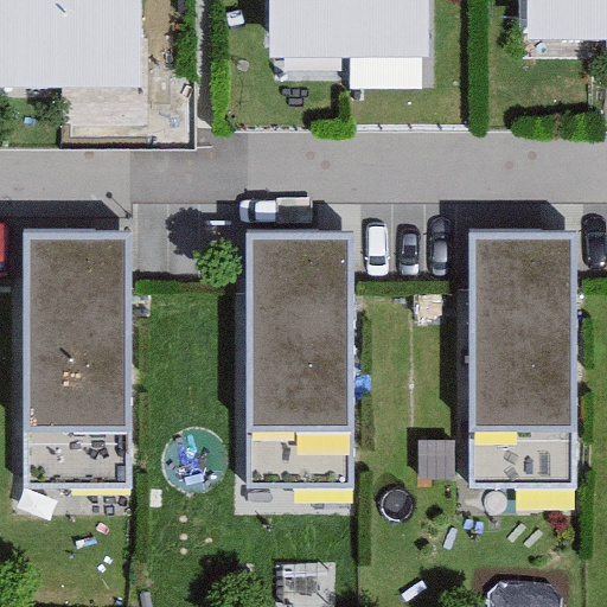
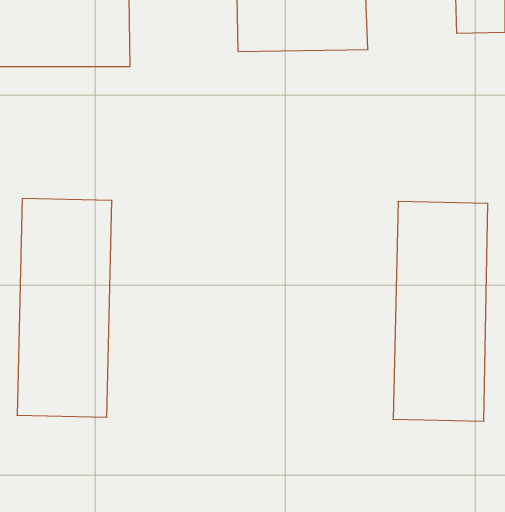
building: [242,235,353,492] -> none

